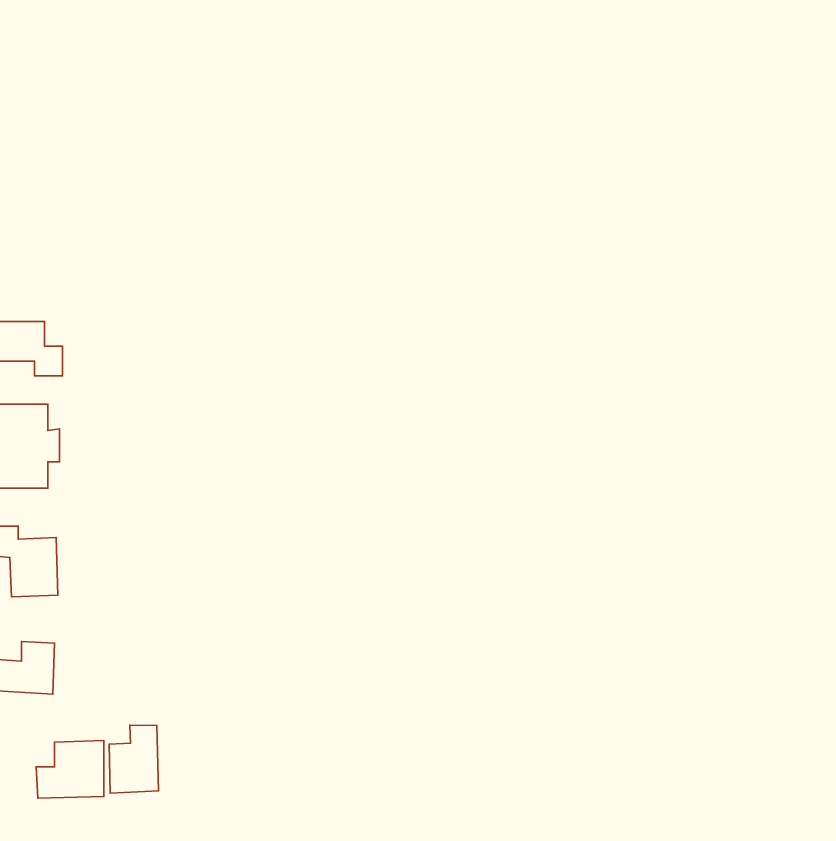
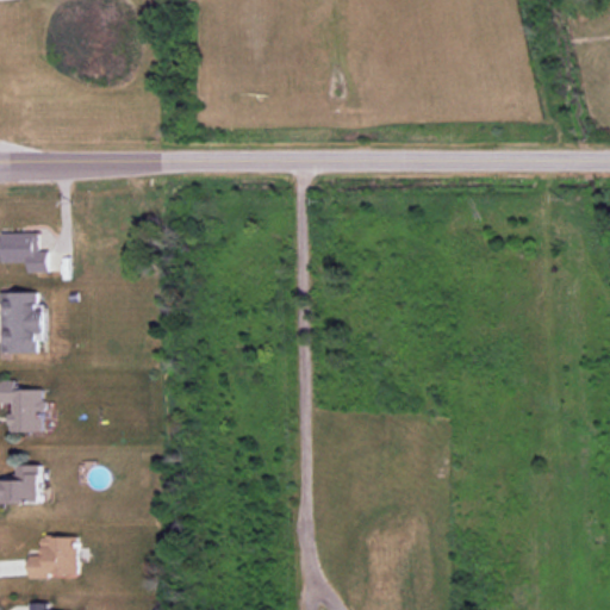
building: [109,725,158,793] -> none

